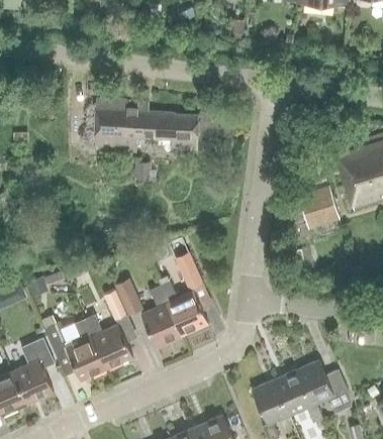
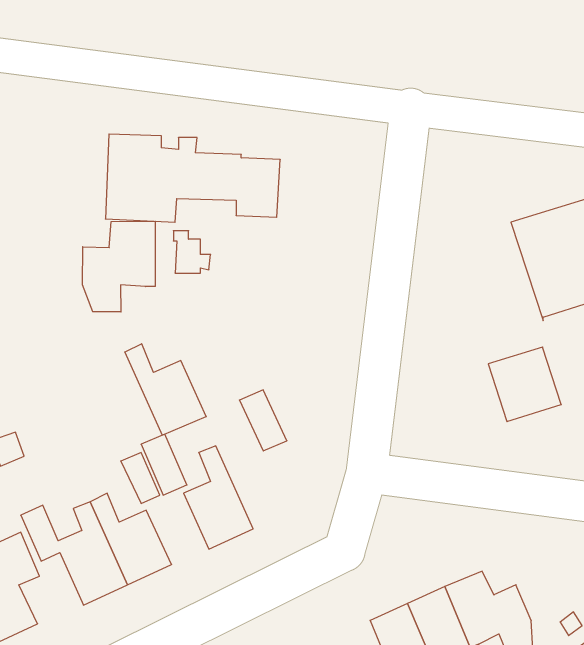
building: none -> [82,221,155,312]
building: [297,187,341,231] -> [488,347,561,422]
building: [160,281,208,335] -> [125,344,206,435]

